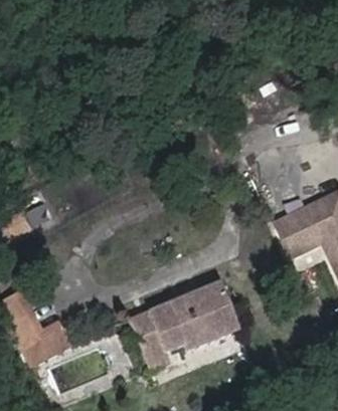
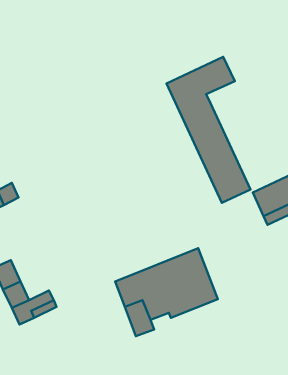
building: none -> [166,57,250,203]

